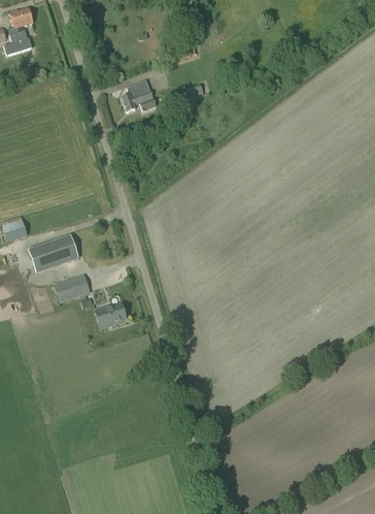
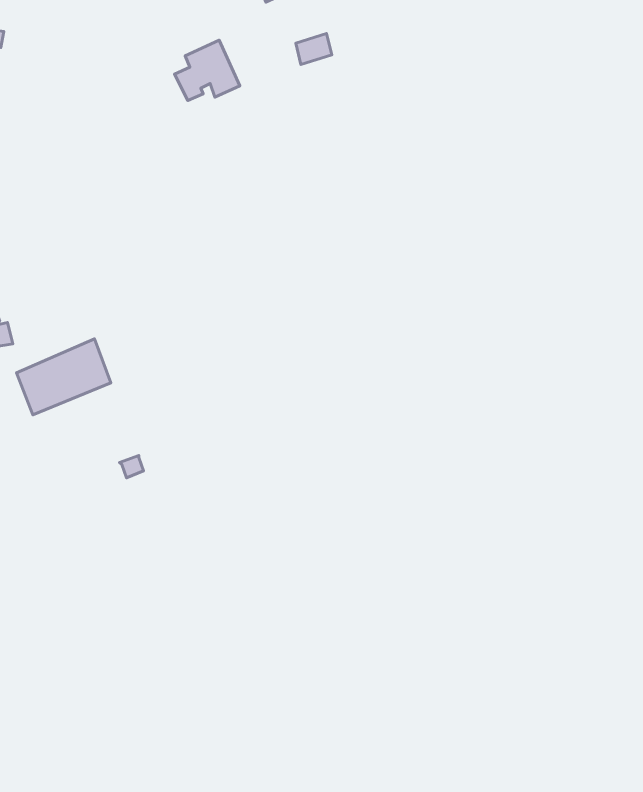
building: [54,272,90,301] -> none
building: [95,301,126,327] -> none

